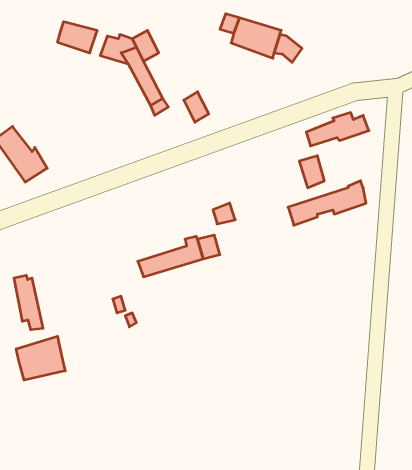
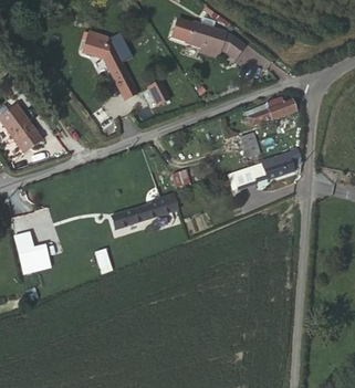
building: [58,22,97,53] -> none
building: [16,336,65,380] -> none

